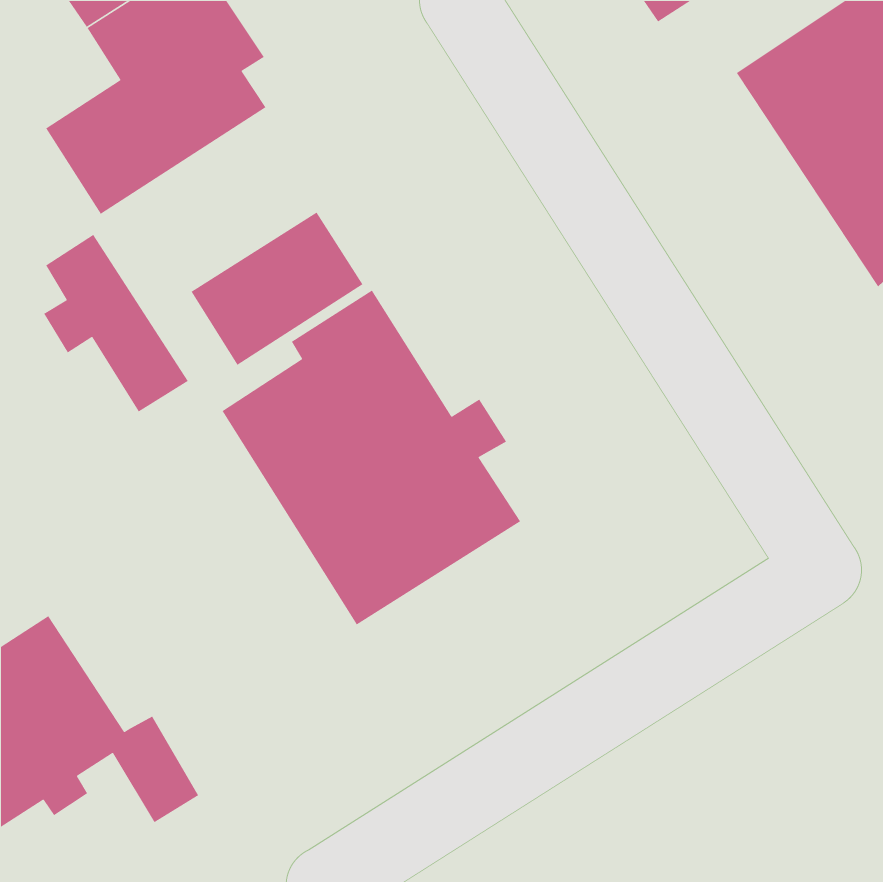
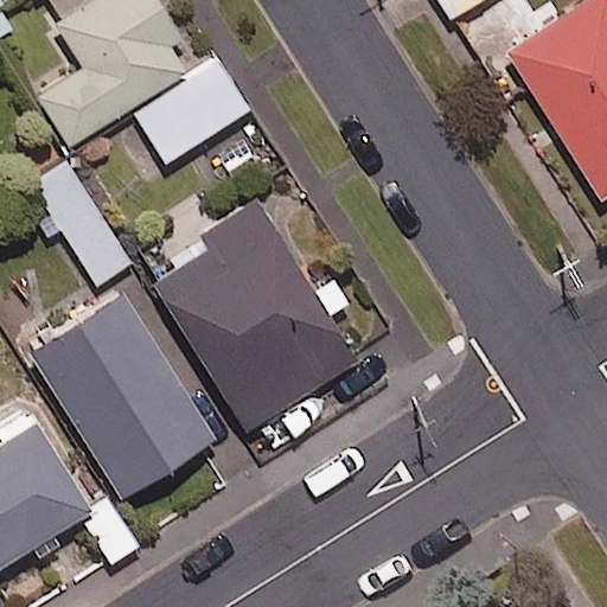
building: [190,212,364,366] -> [130,59,249,165]
building: none -> [30,295,215,499]

